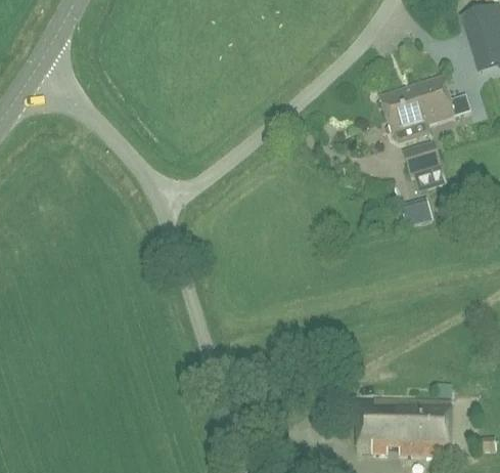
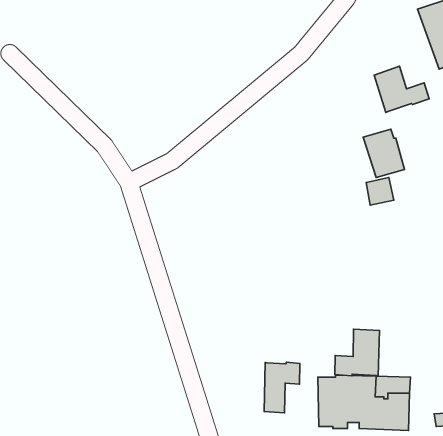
building: [379,85,430,143] -> none
building: none -> [335,329,379,376]
building: none -> [264,362,300,413]

